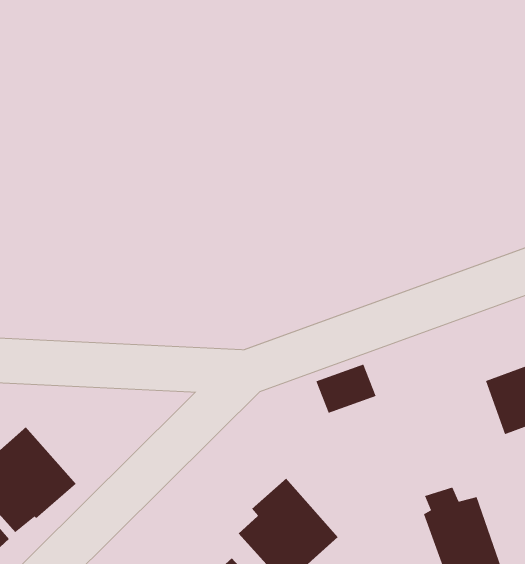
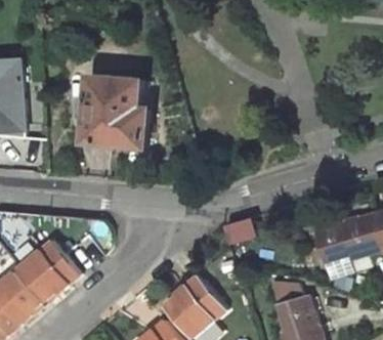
building: none -> [82,78,145,147]

